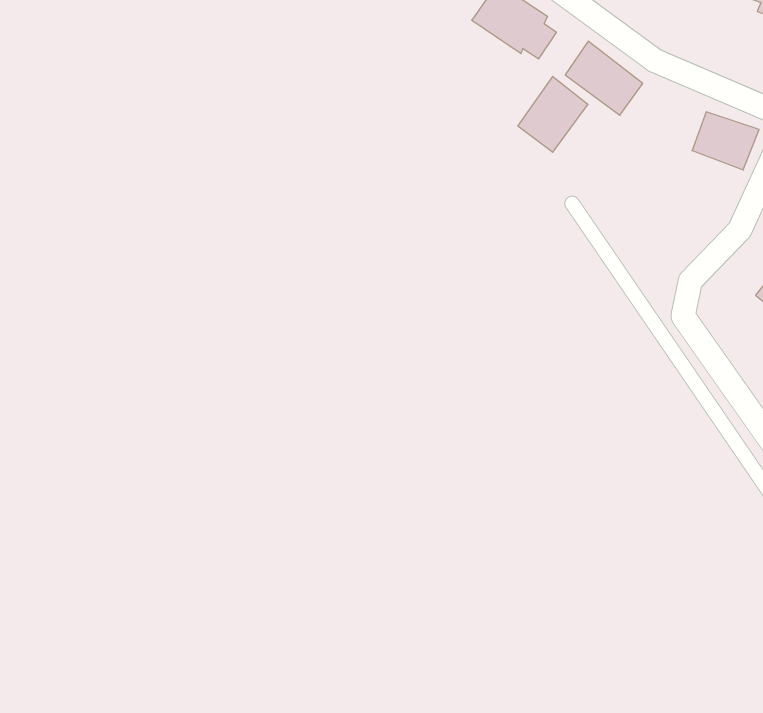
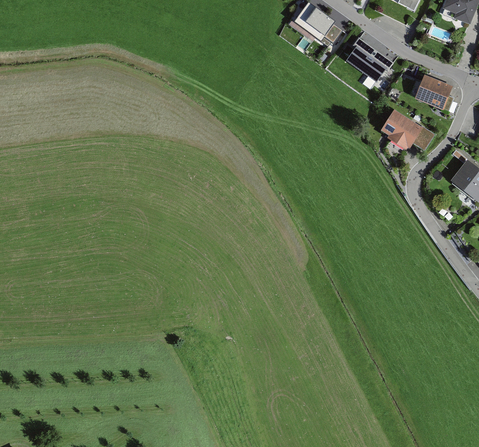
building: [518,76,588,152] -> none
building: none -> [384,112,433,150]

